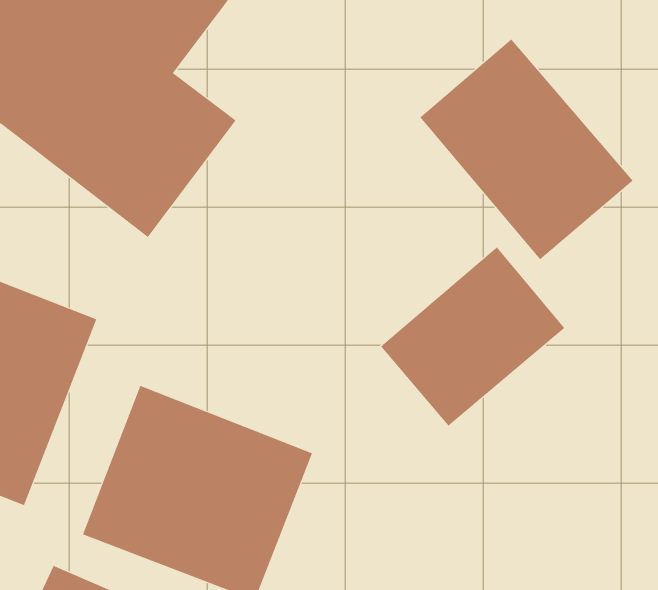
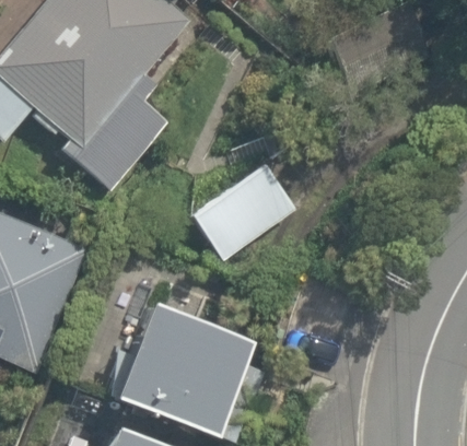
building: [419,38,633,260] -> none
building: [380,247,565,426] -> [180,153,300,269]

